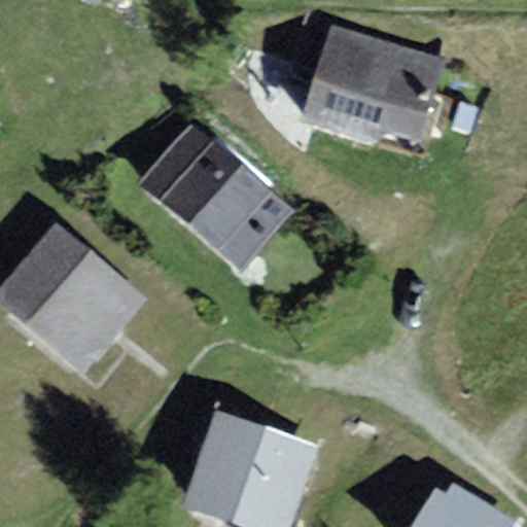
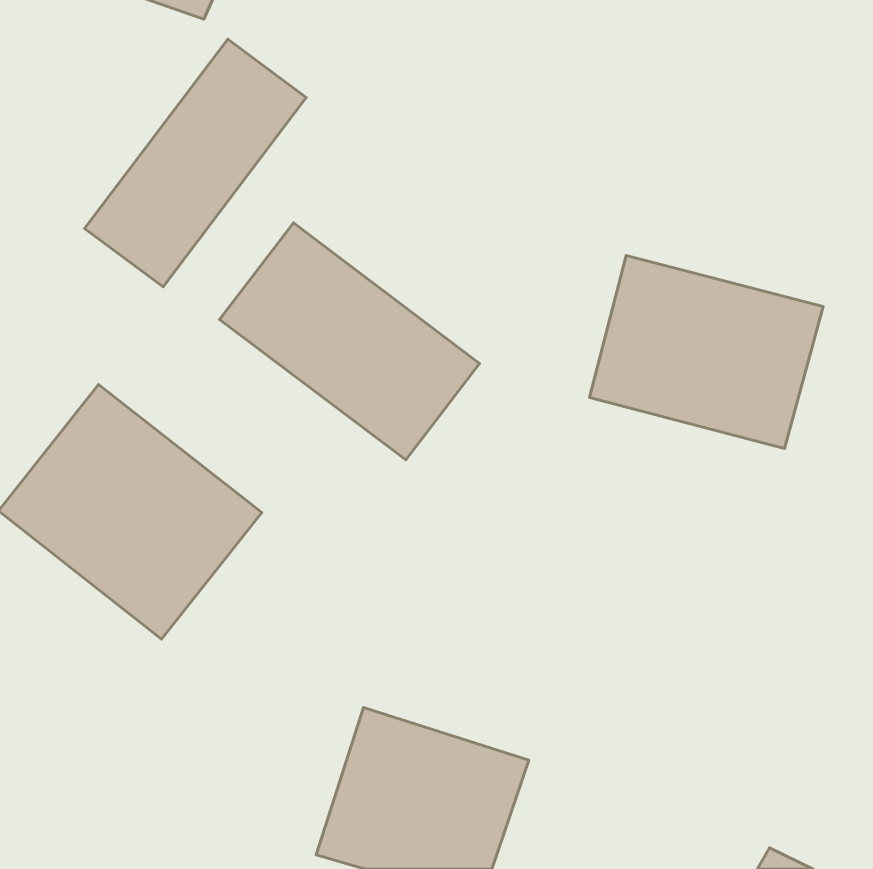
building: none -> [85,39,306,287]
building: [310,34,447,147] -> [589,255,823,449]

